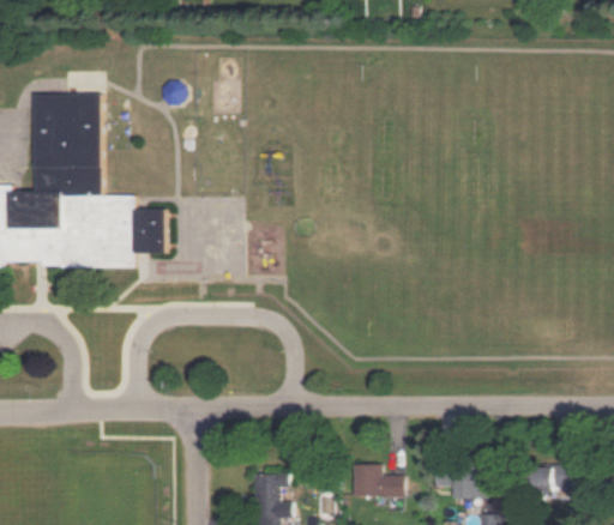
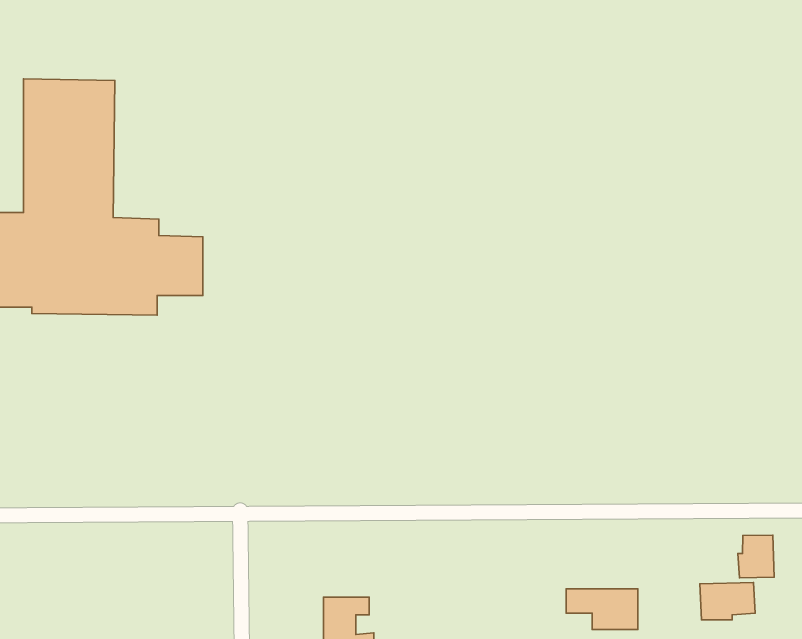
building: none -> [738,535,774,578]
building: [353,464,403,496] -> none

